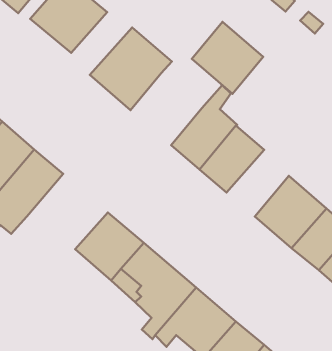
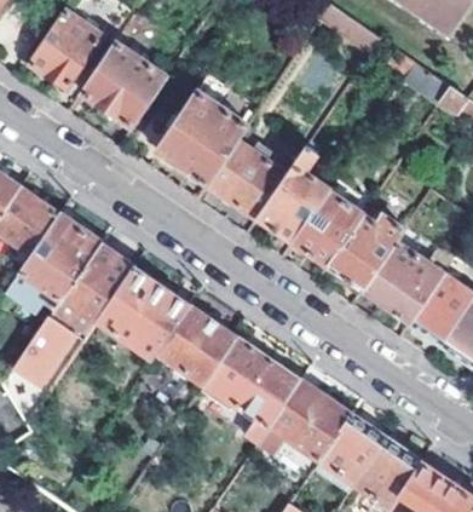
building: [192,22,263,94] -> [204,138,285,219]
building: none -> [324,213,402,290]
building: none -> [99,265,191,356]

